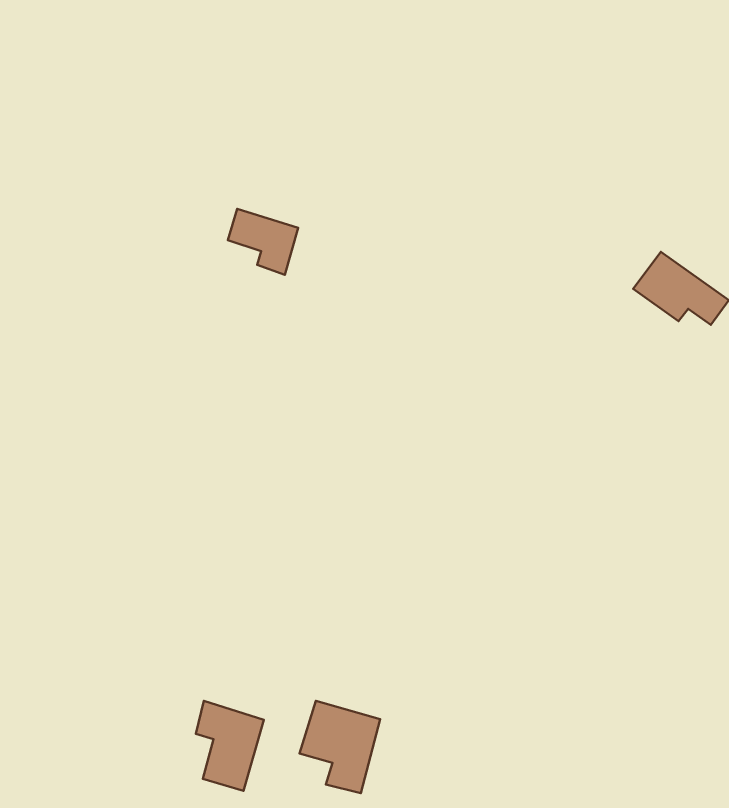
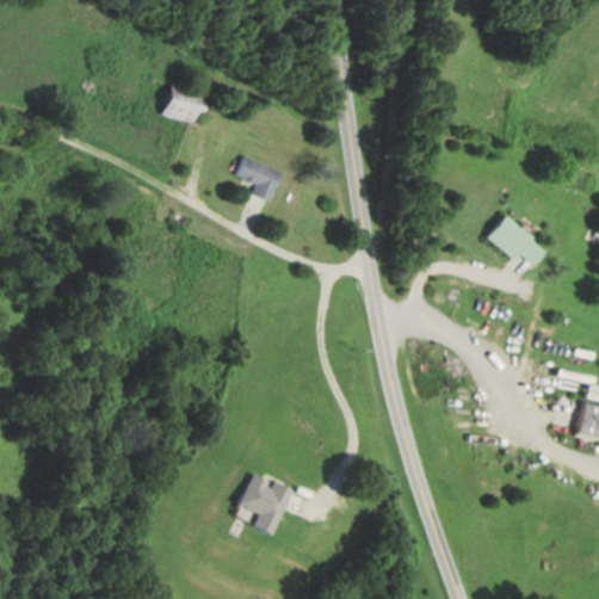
building: none -> [160,84,199,124]
building: [196,701,264,791] -> none

